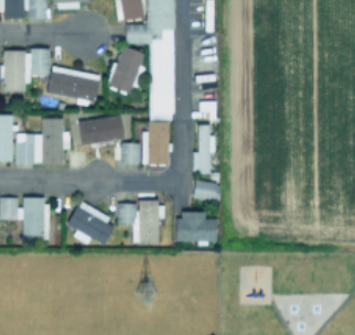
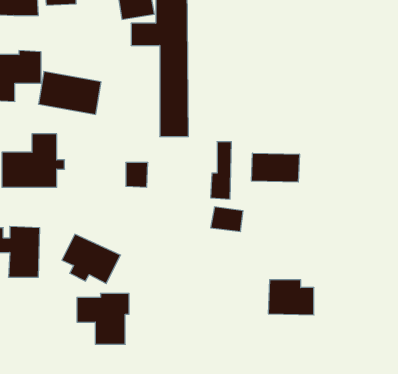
building: [109,46,144,95] -> none
building: [78,117,123,144] -> none
building: [142,121,169,165] -> none
building: none -> [251,153,299,182]
building: [118,201,162,244] -> [77,293,129,344]
building: [178,213,216,242] -> [268,280,314,315]

